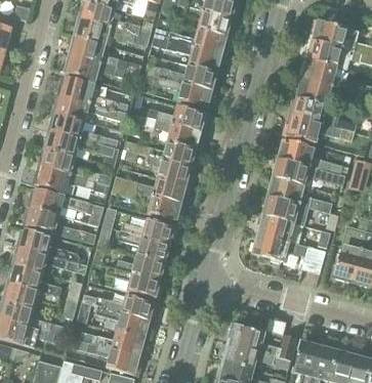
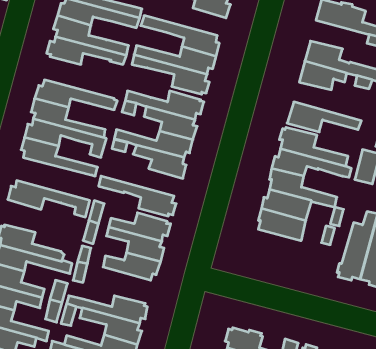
building: [154,28,230,54] -> none
building: [307,40,354,70] -> none
building: [59,77,128,113] -> none
building: [292,97,357,133] -> none
building: [34,167,106,193] -> none
building: [114,177,190,203] -> none
building: [25,206,96,244] -> none
building: [252,233,325,273] -> none
building: [107,266,162,299] -> none

